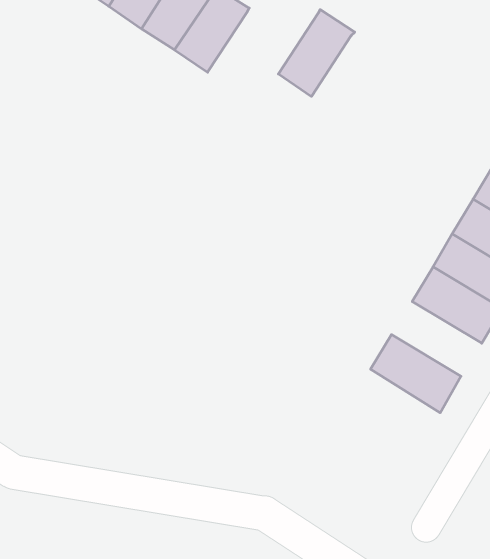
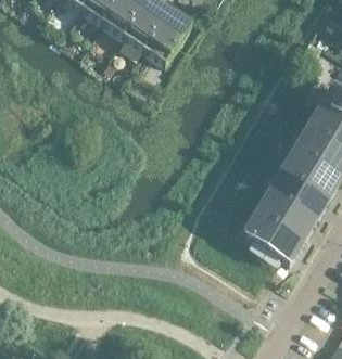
building: [278,10,355,96] -> [142,13,190,67]
building: none -> [257,196,314,243]

